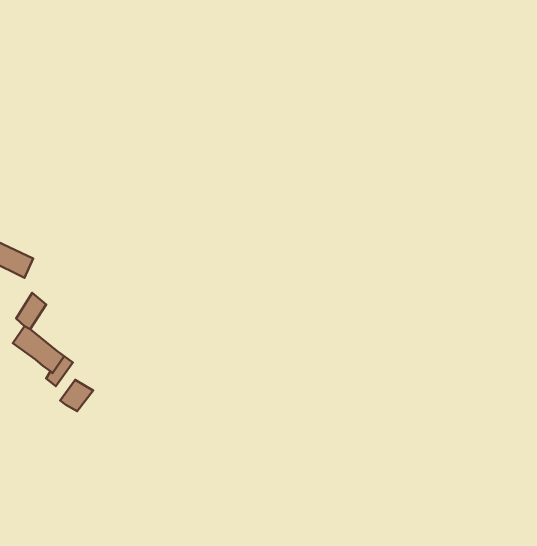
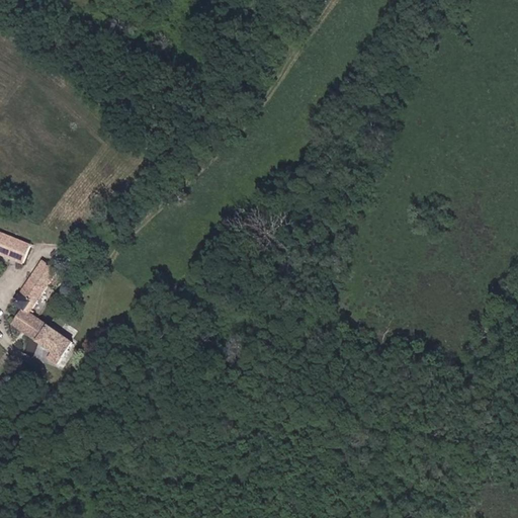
building: none -> [30,258,57,287]
building: [60,380,93,411] -> none

